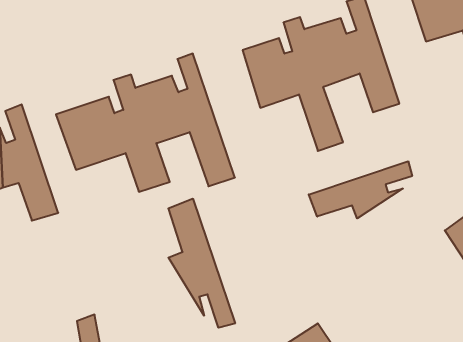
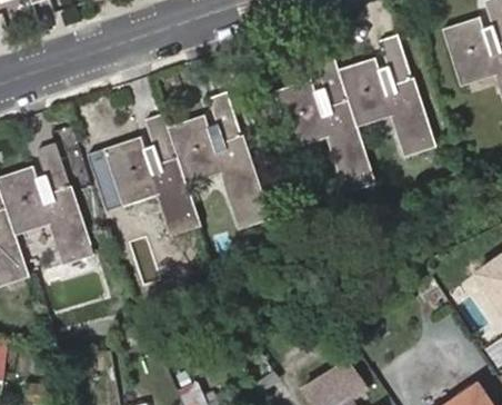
building: [309,161,412,218] -> none
building: [168,199,235,328] -> none

